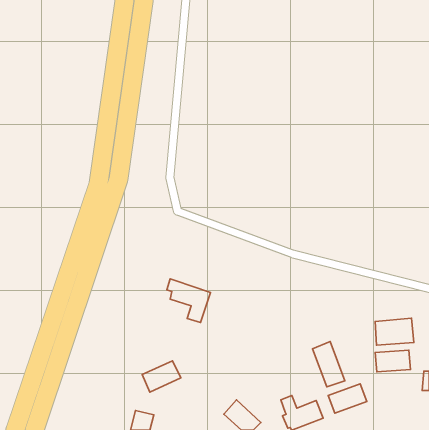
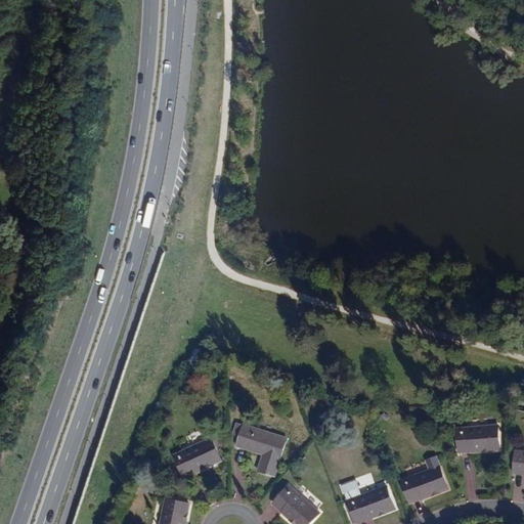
building: [167,279,211,323] -> [232,423,286,476]
building: [375,318,414,345] -> none
building: [312,341,345,387] -> none

